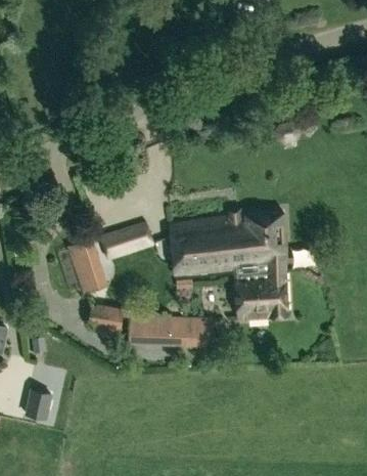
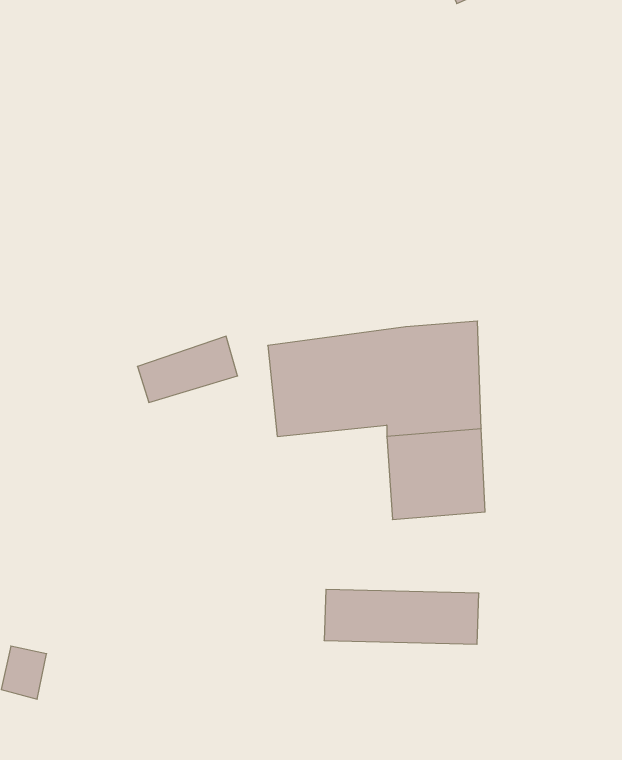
building: [66,237,107,294] -> none
building: [88,303,123,331] -> none
building: [129,315,213,345] -> [324,589,479,644]

